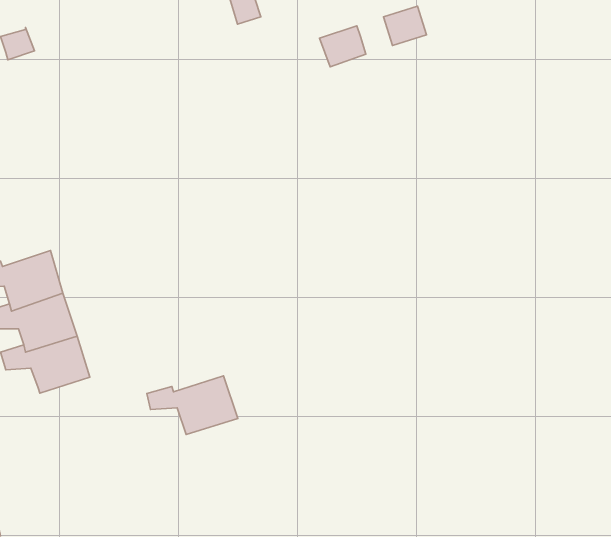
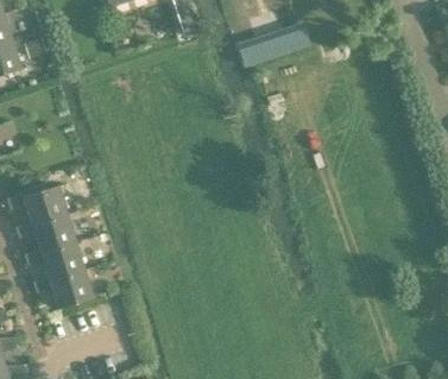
building: [147,376,238,435] -> [34,270,95,309]

